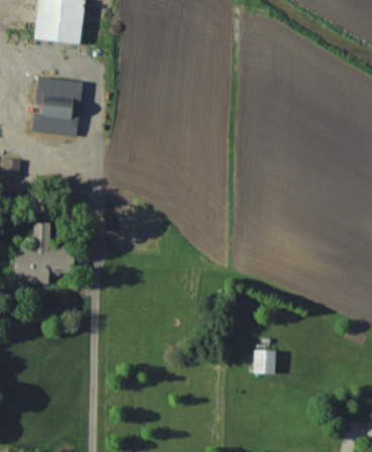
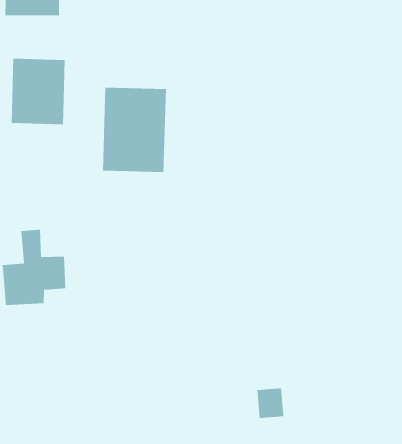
building: none -> [102,87,166,173]
building: [254,350,275,374] -> [257,388,284,419]

